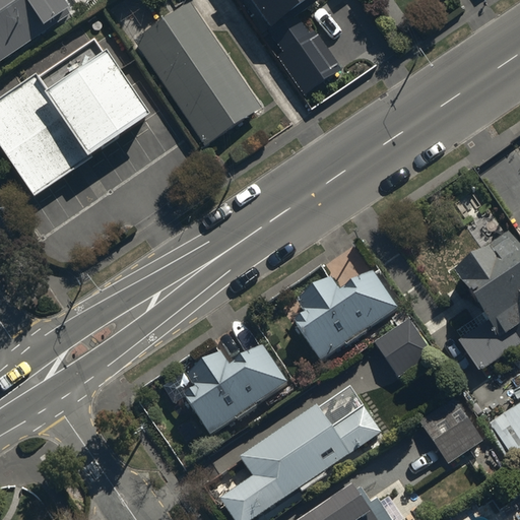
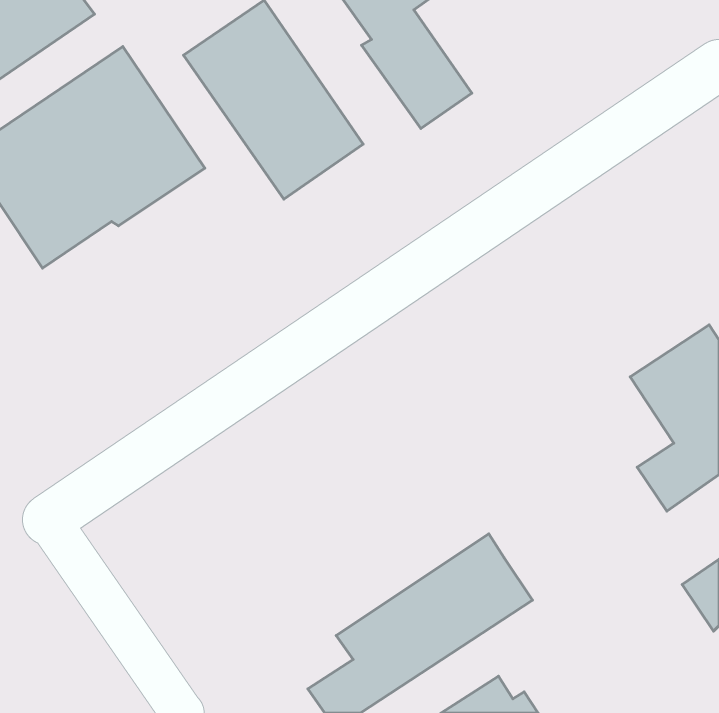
building: [295,269,398,359] -> none
building: [373,316,433,376] -> none
building: [184,343,287,433] -> none
building: [420,397,482,463] -> none

